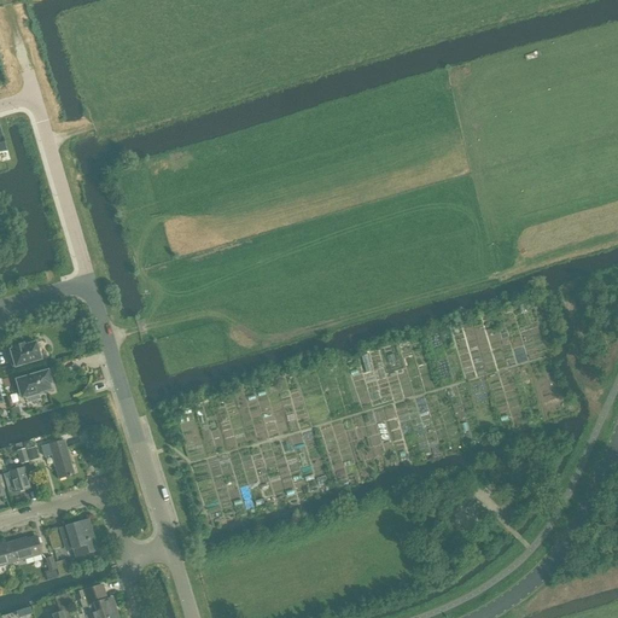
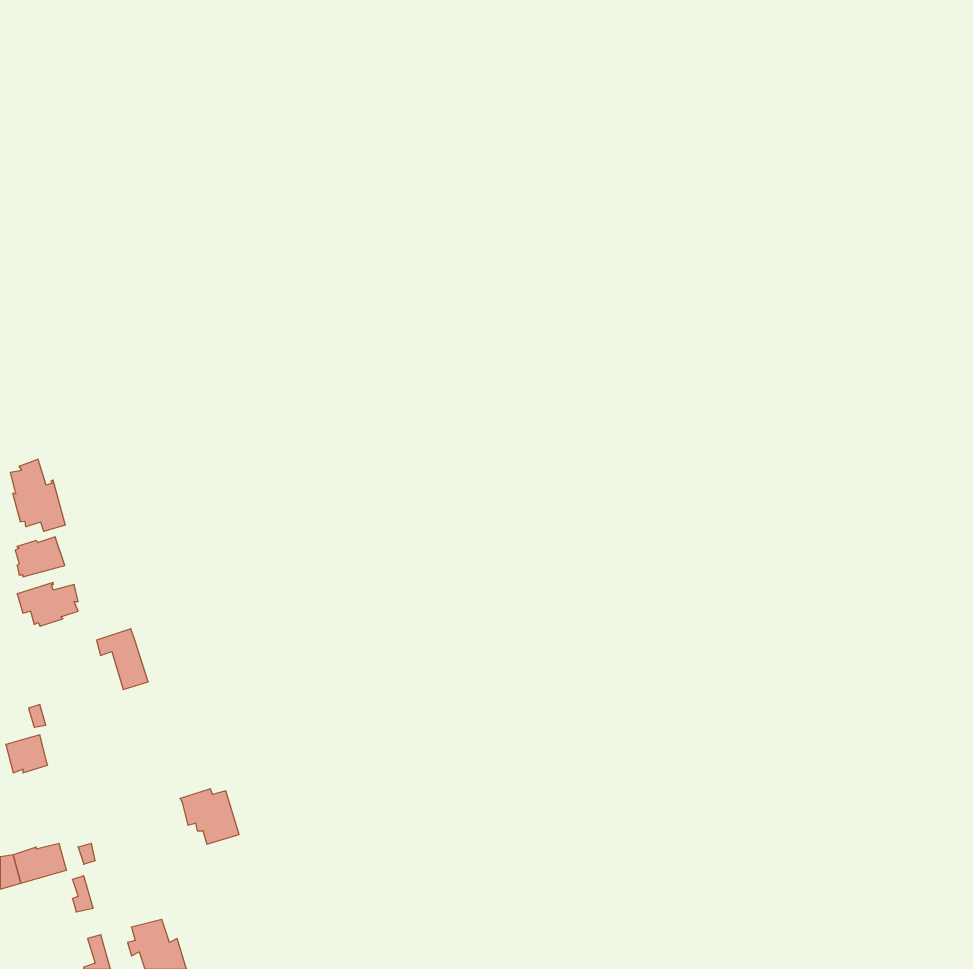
building: none -> [10,459,65,531]
building: [42,438,75,477] -> [97,629,148,690]
building: [60,520,98,555] -> [180,789,239,844]

